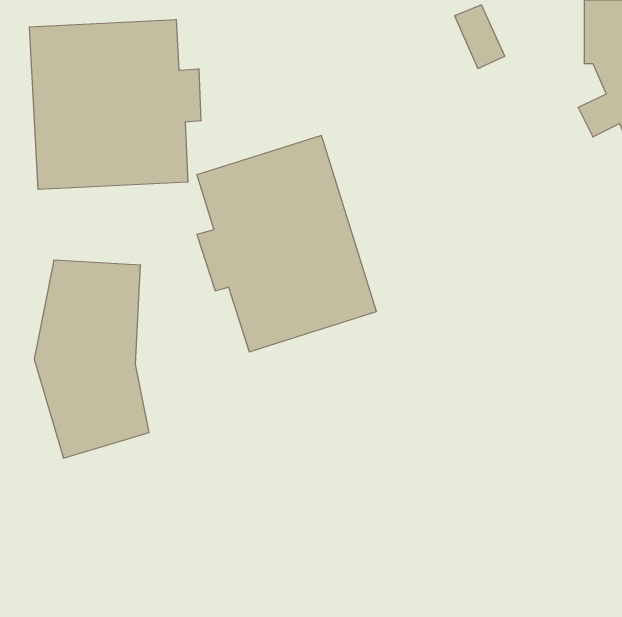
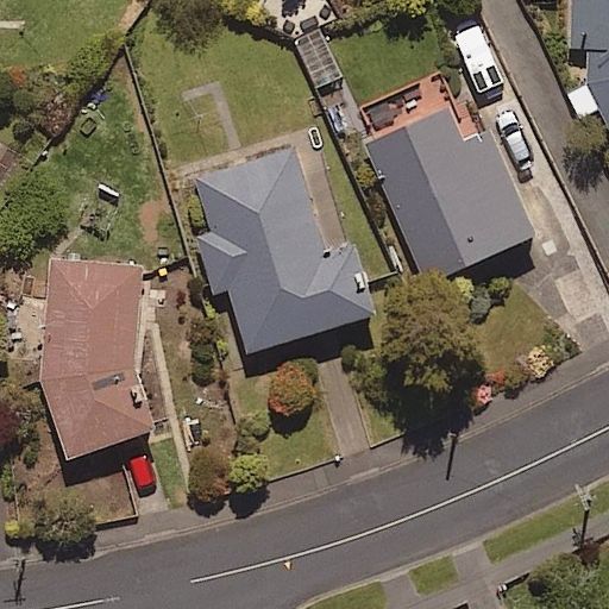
building: [30,19,201,189] -> none
building: none -> [373,119,540,291]

